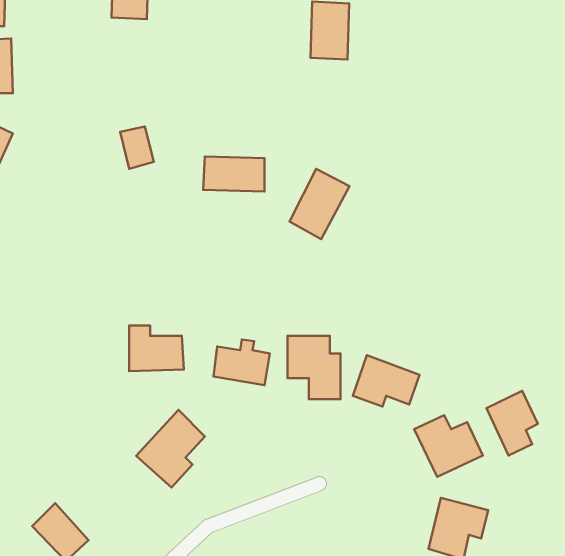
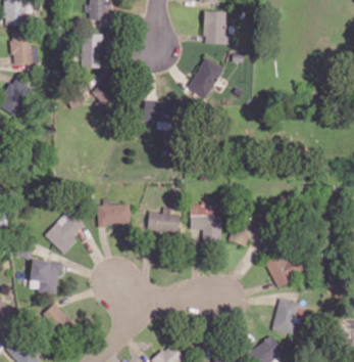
building: none -> [81,34,103,67]
building: [290,169,349,239] -> [189,57,223,98]
building: [486,391,538,456] -> none
building: [136,410,205,487] -> [45,209,85,254]
building: none -> [31,260,63,291]

